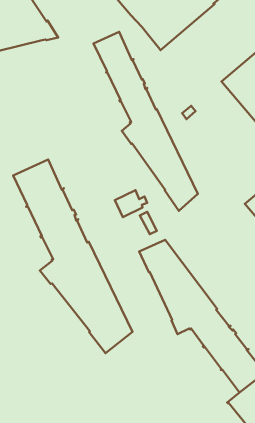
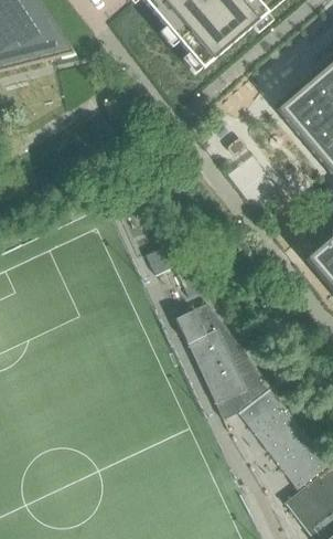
building: [93,32,198,211] -> none
building: [13,159,132,353] -> none

